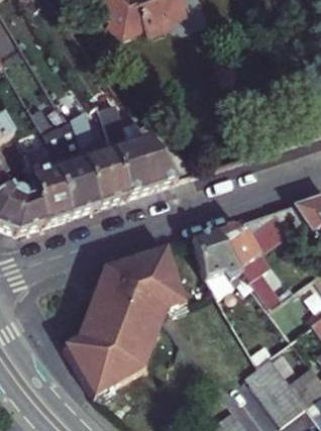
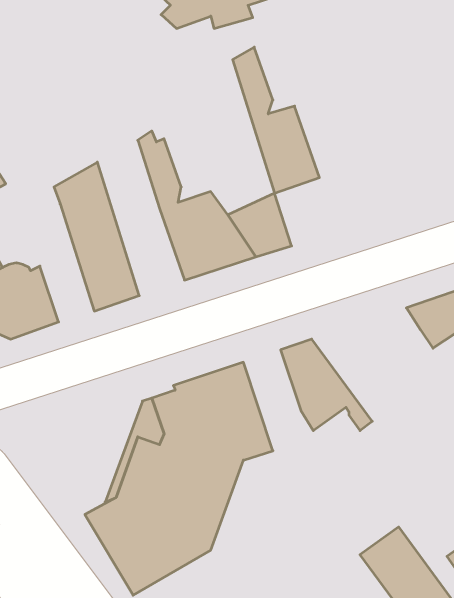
building: [73,110,129,205] -> [233,47,319,193]
building: [24,145,71,222] -> none
building: [212,213,293,311] -> none

